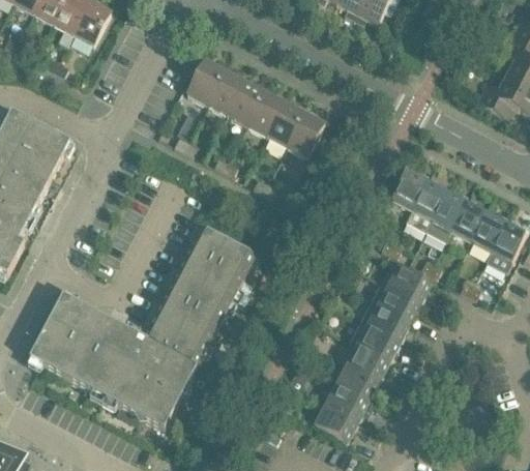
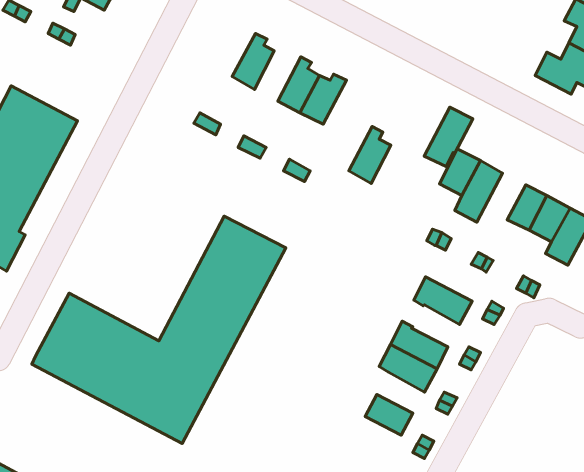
building: [187,58,228,101] -> none
building: [227,79,268,123] -> none
building: [288,105,325,155] -> [349,126,391,183]
building: [424,187,468,240] -> [424,107,473,167]
building: [379,260,431,301] -> none
building: [366,304,409,342] -> none
building: [335,364,378,401] -> none
building: [315,404,357,441] -> none

